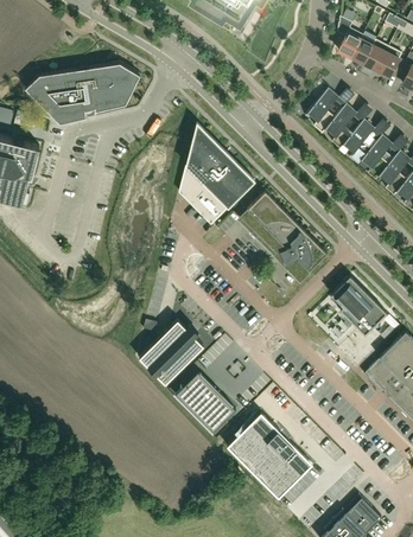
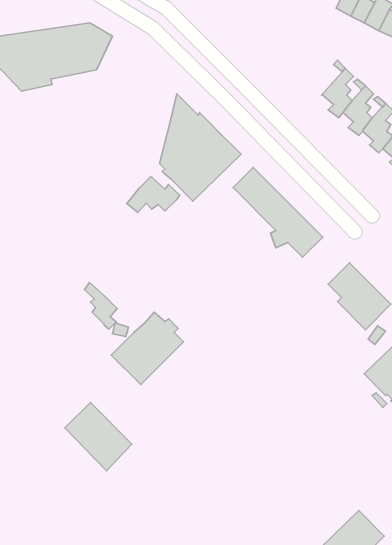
building: [309,89,336,133] -> none
building: none -> [127,177,180,212]
building: none -> [84,282,117,329]
building: [177,373,236,434] -> [65,402,132,471]
building: [222,407,319,504] -> none

